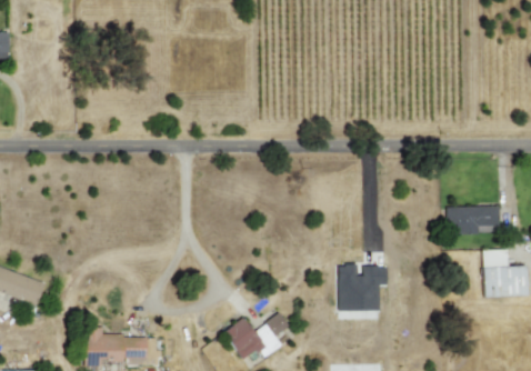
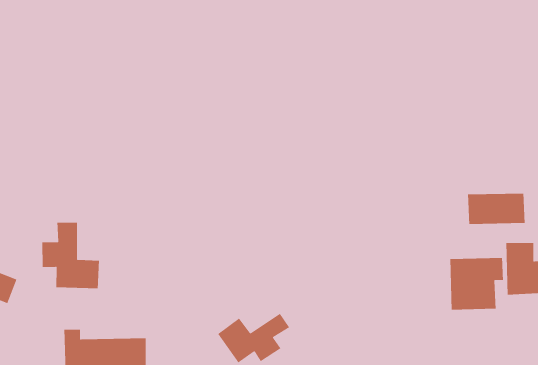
building: none -> [41,222,100,289]
building: [338,264,387,312] -> [449,257,504,310]

